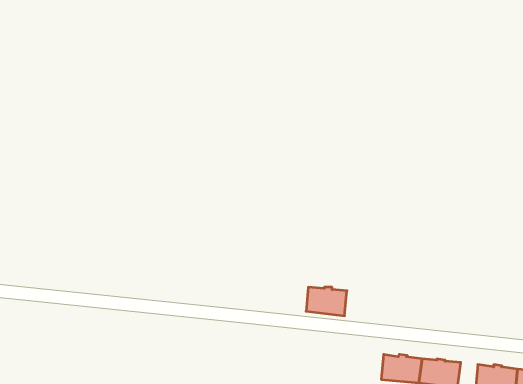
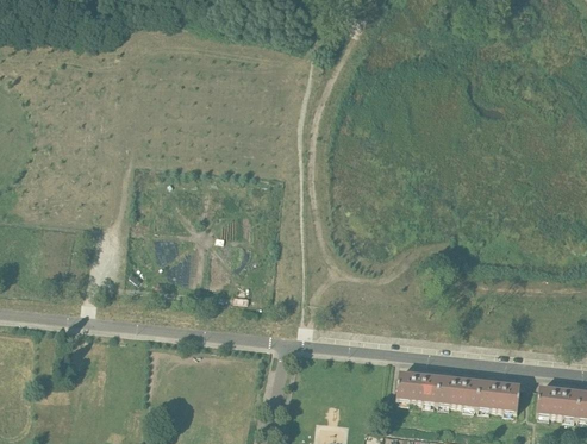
building: [306,287,347,316] -> [395,375,438,405]

